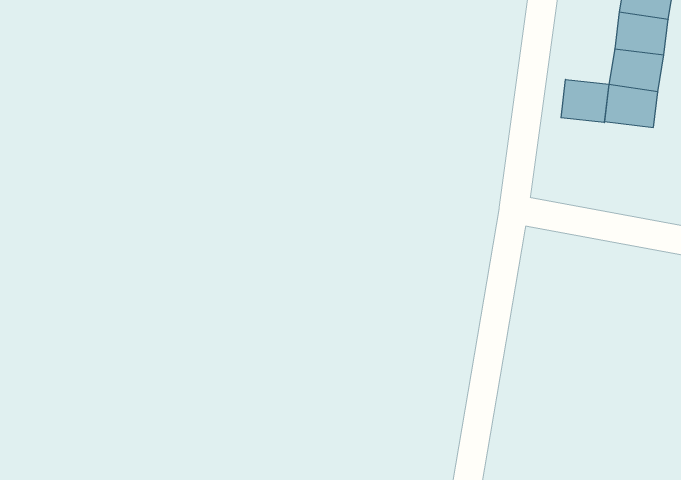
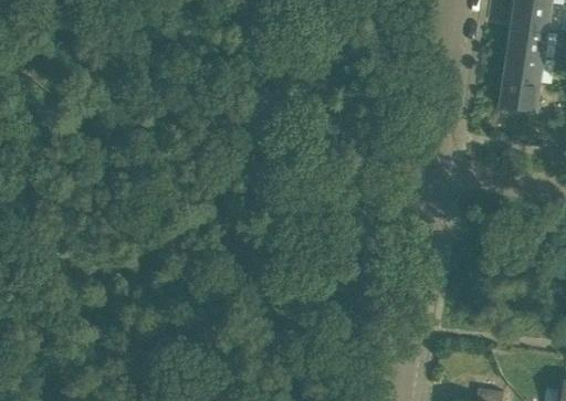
building: [561,79,609,123] -> none

